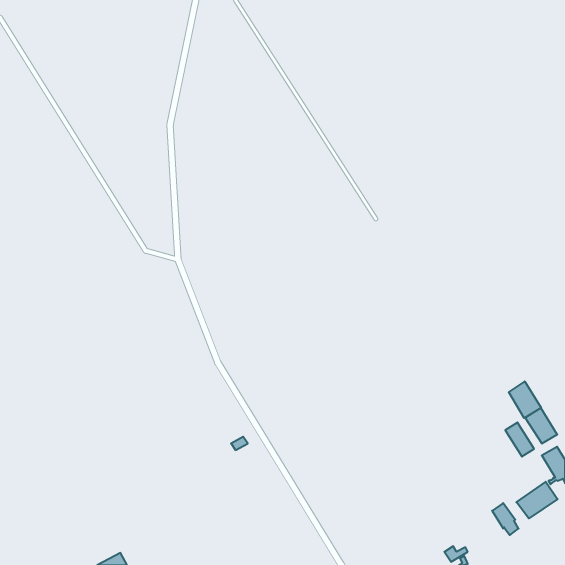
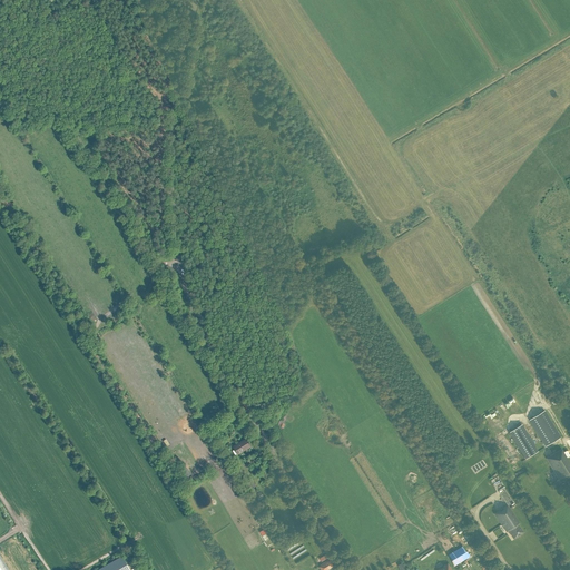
building: [509,381,541,418] -> none
building: [516,482,558,518] -> none

